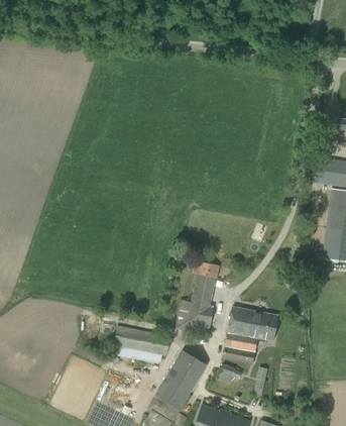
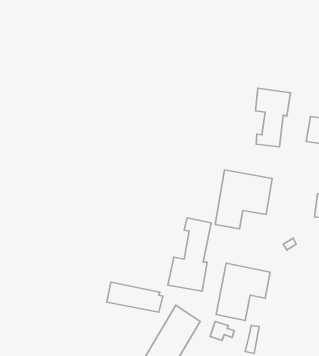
building: none -> [255,88,290,147]
building: none -> [215,170,272,229]

